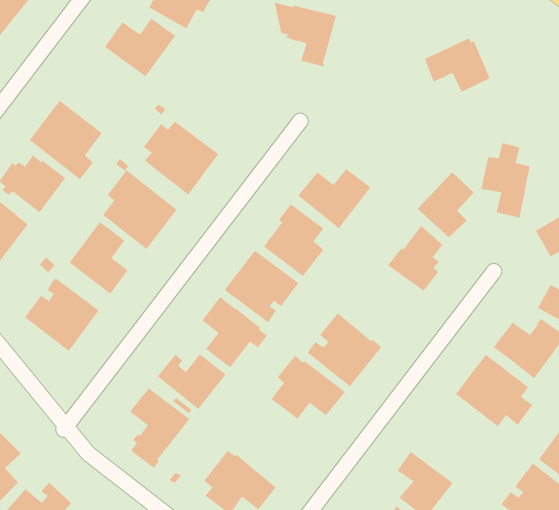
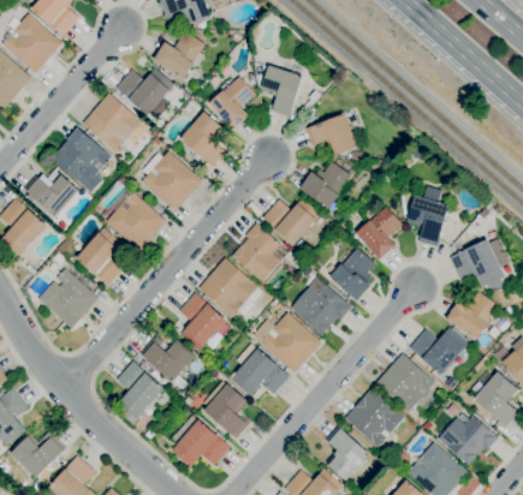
building: none -> [209,77,255,130]
building: [424,38,490,93] -> [305,114,357,157]
building: none -> [83,94,142,153]
building: none -> [180,112,226,167]
building: none -> [301,162,351,209]
building: none -> [291,285,351,336]
building: none -> [345,388,405,447]
building: none -> [204,384,252,439]

